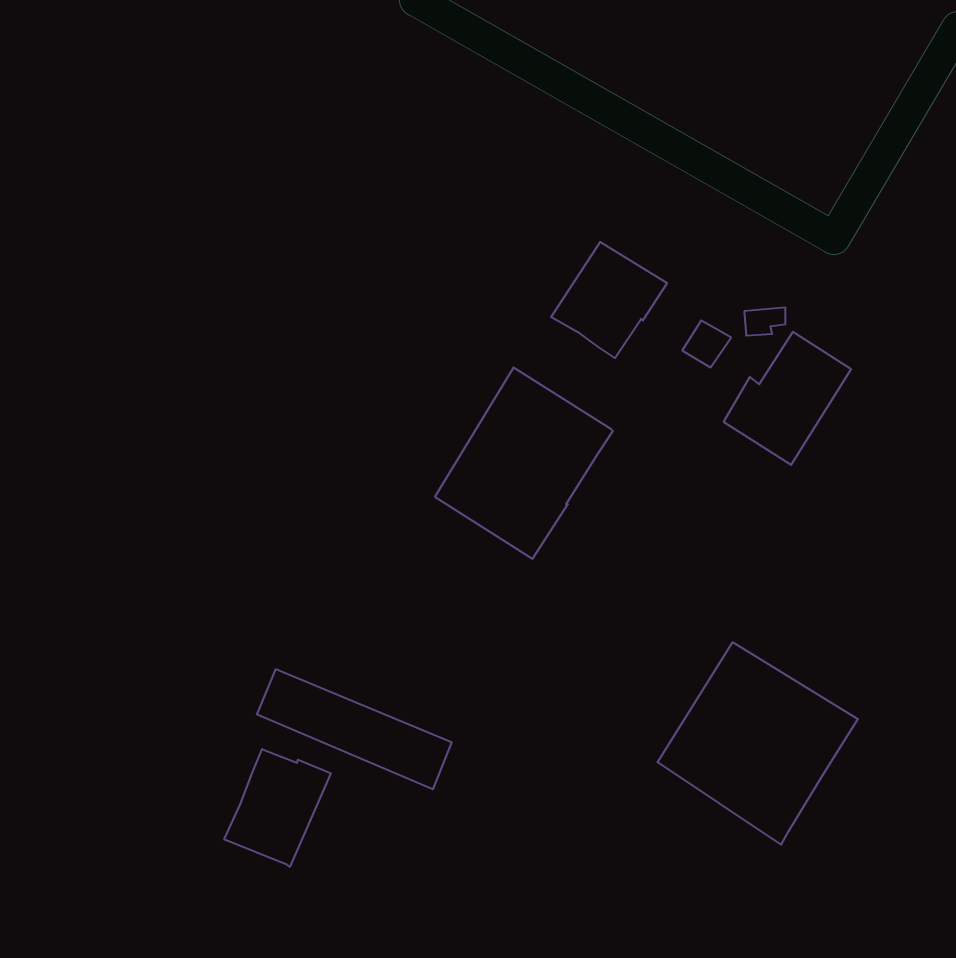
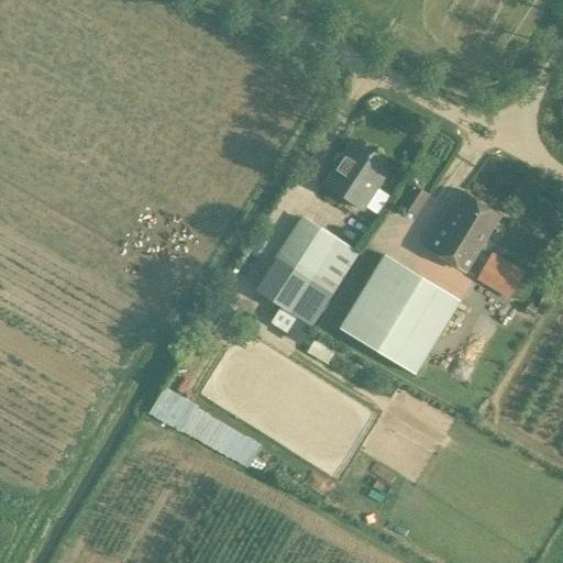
building: none -> [478,256,522,297]
building: [657,642,858,845] -> [342,255,460,374]
building: [224,749,331,867] -> none

